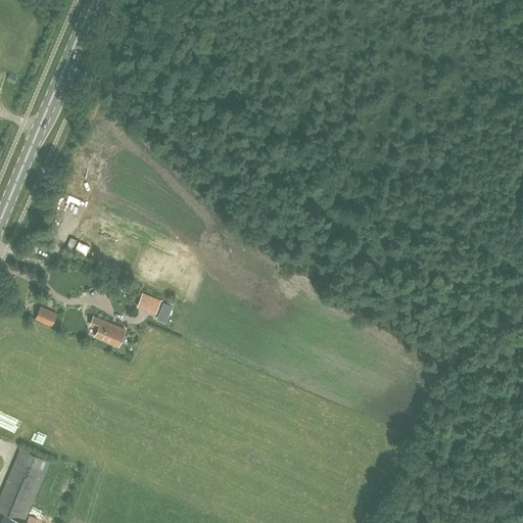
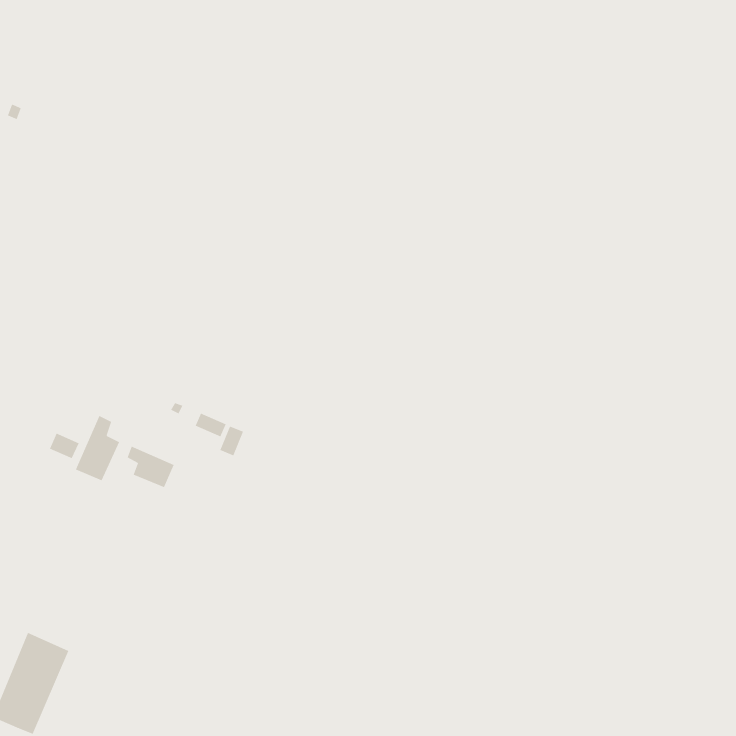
building: none -> [75,415,120,481]

